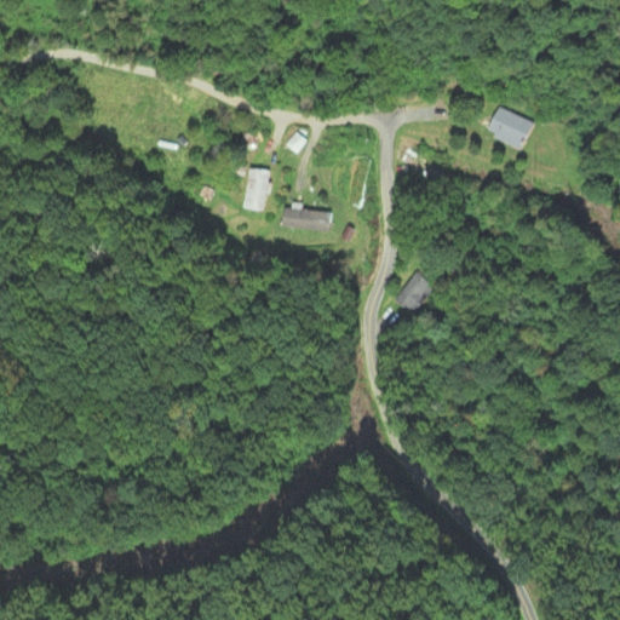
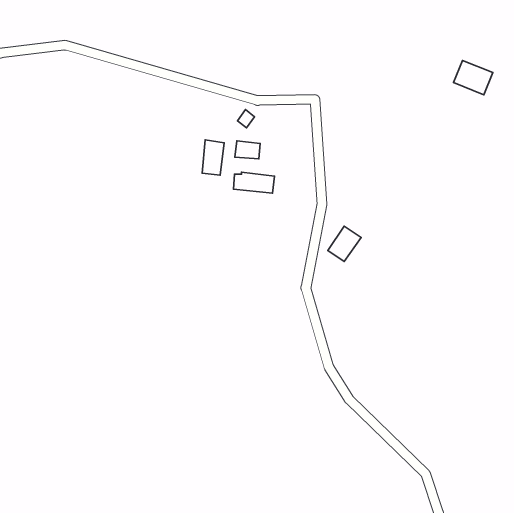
building: [486,108,533,149] -> [454,61,493,95]
building: none -> [235,141,260,159]

